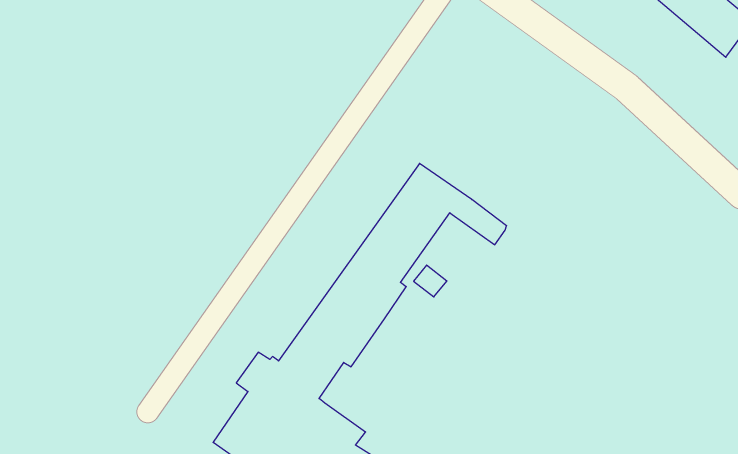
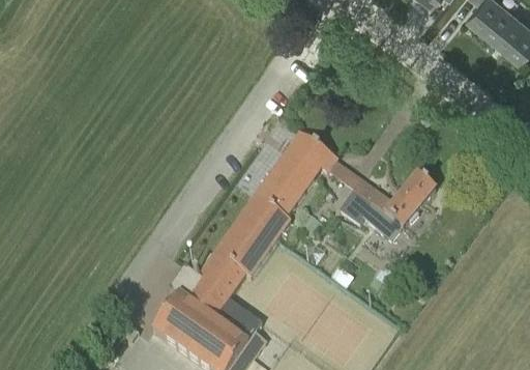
building: none -> [338,172,434,238]

